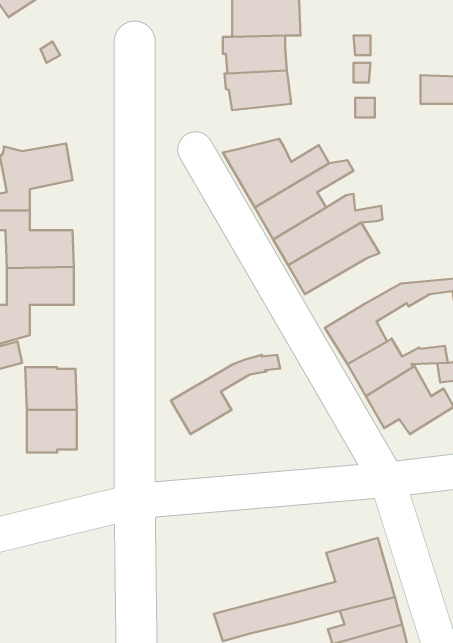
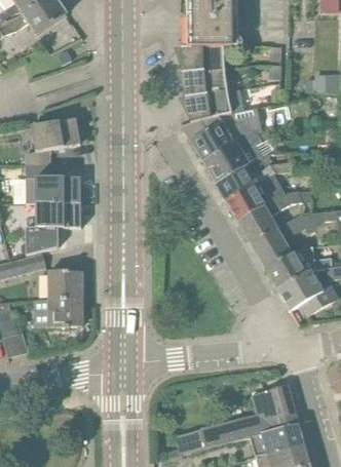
building: none -> [186,92,232,123]
building: [171,355,280,434] -> [237,190,311,243]

